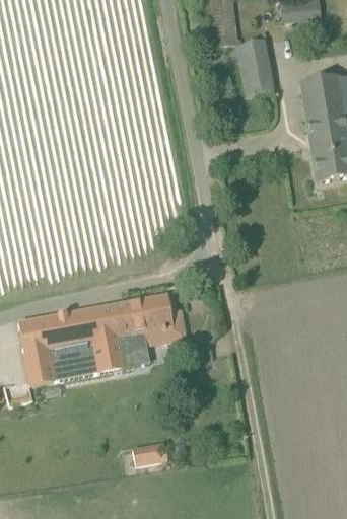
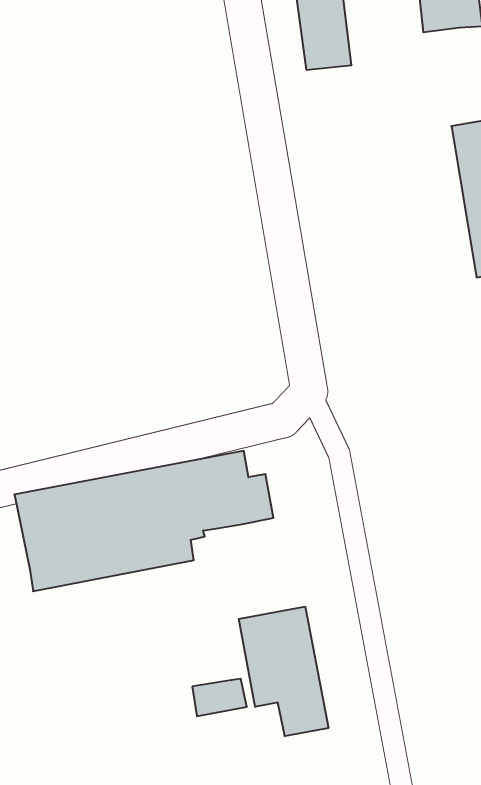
building: [239,38,272,92] -> none
building: none -> [239,607,328,736]

